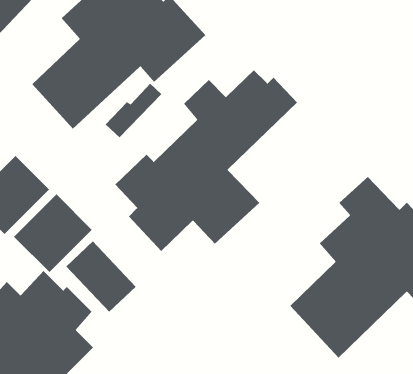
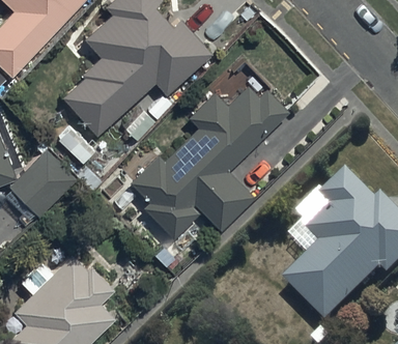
building: [13,194,93,273] -> none
building: [66,241,136,313] -> none

